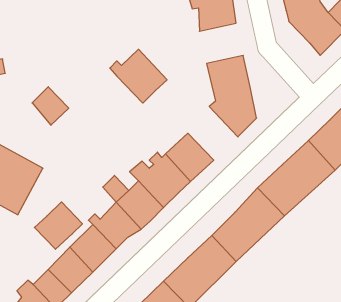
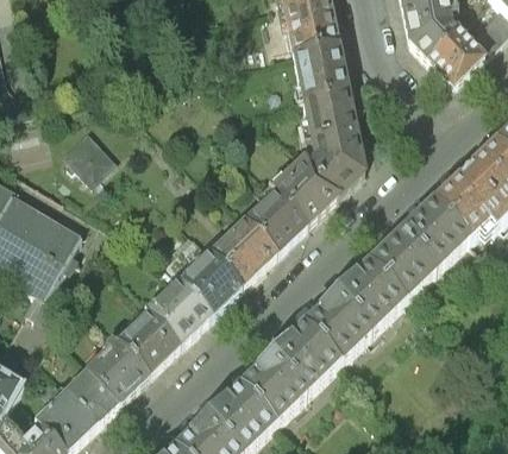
building: none -> [290,40,349,94]
building: [110,49,167,103] -> [265,151,341,222]
building: [34,202,82,249] -> none

